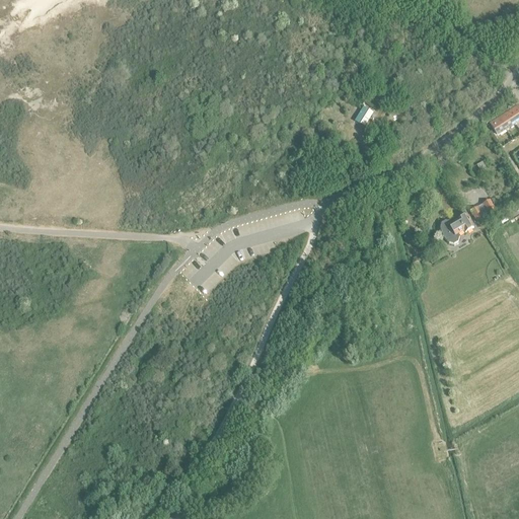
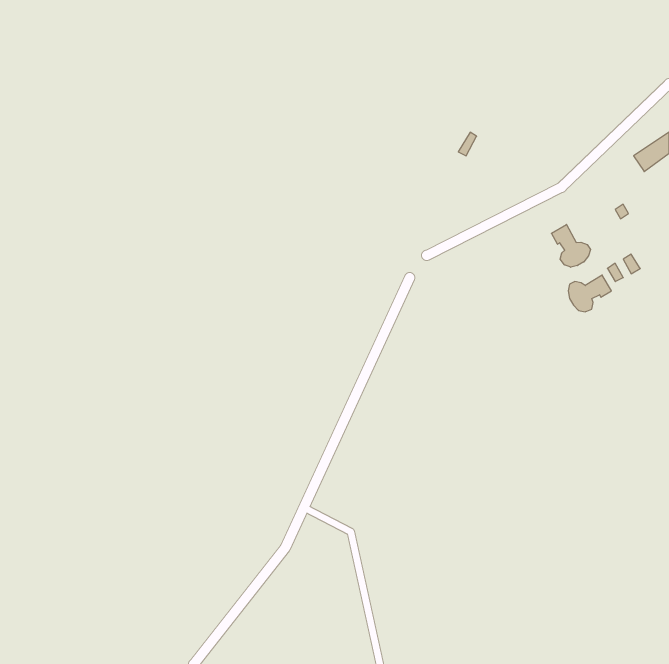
building: none -> [551,224,590,267]

